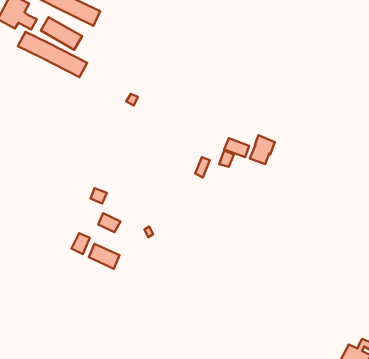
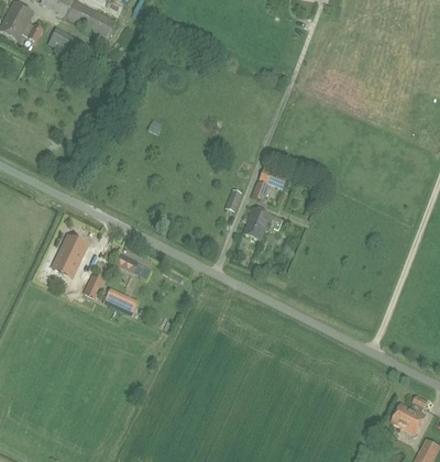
building: [18,32,87,77] -> none
building: [250,135,275,164] -> [243,206,272,239]
building: none -> [53,233,89,272]

